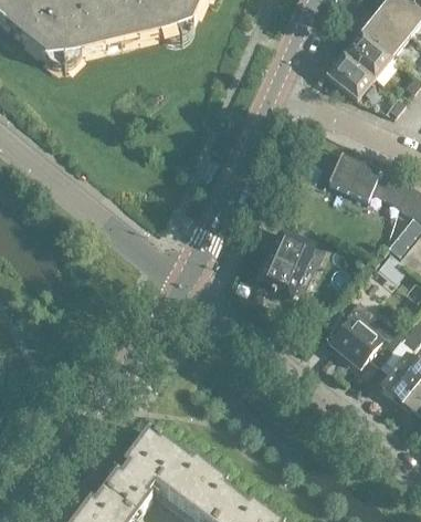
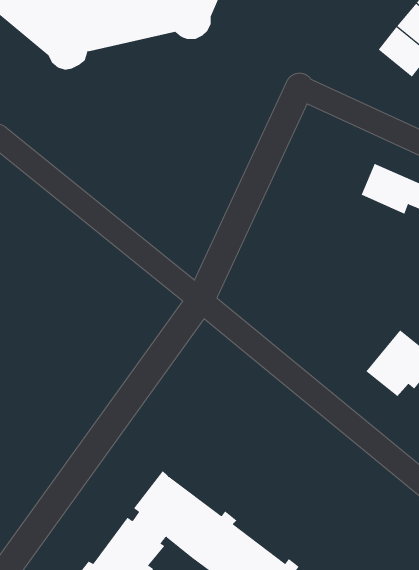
building: [326,50,375,97] -> none
building: [256,229,313,297] -> none

